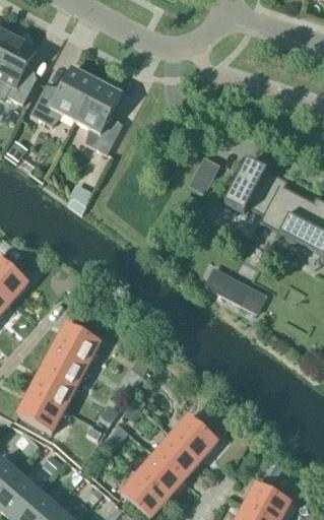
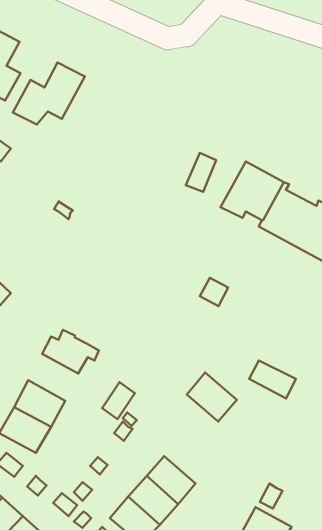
building: [75,80,122,153] -> none
building: [221,277,265,313] -> [249,360,296,399]
building: [44,339,90,383] -> none
building: [171,414,217,460] -> [187,373,237,422]

